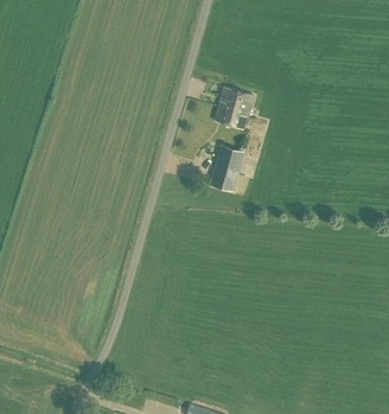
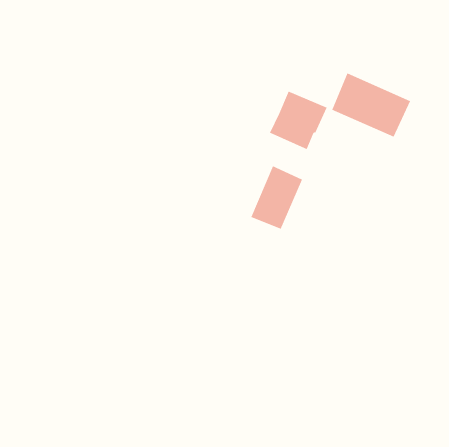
building: none -> [332,72,411,138]

